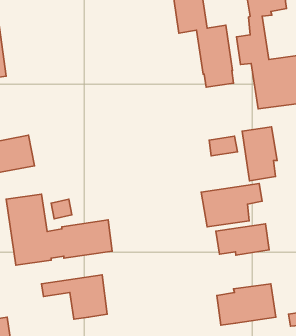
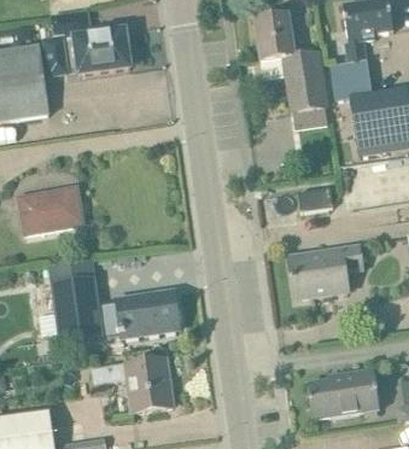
building: none -> [46,29,130,74]
building: [242,127,277,181] -> none
building: [216,224,269,255] -> none

